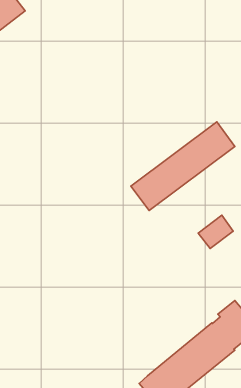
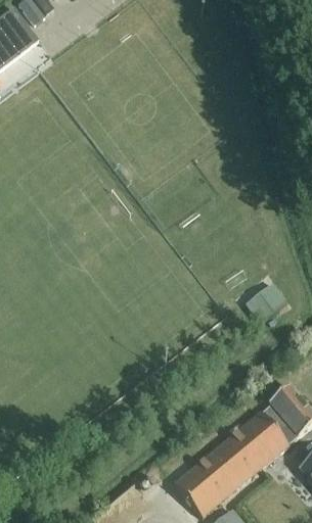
building: [131,122,235,211] -> none

